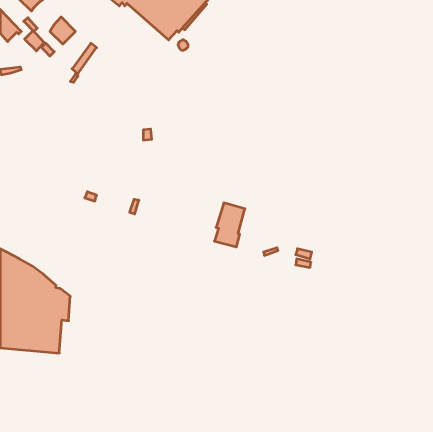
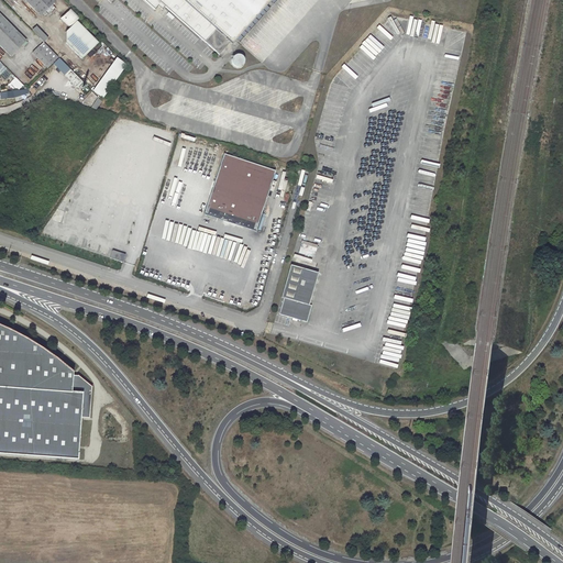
building: none -> [203,152,275,229]

